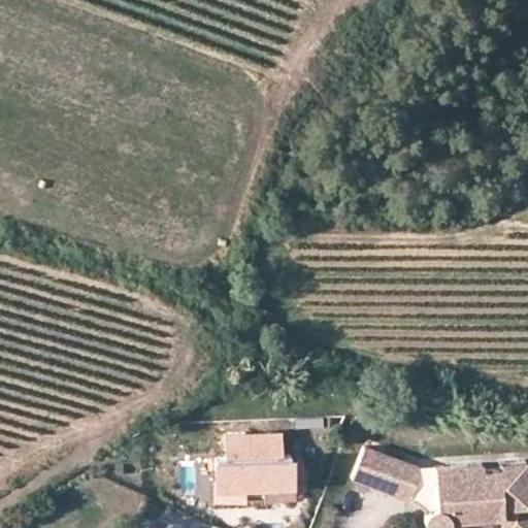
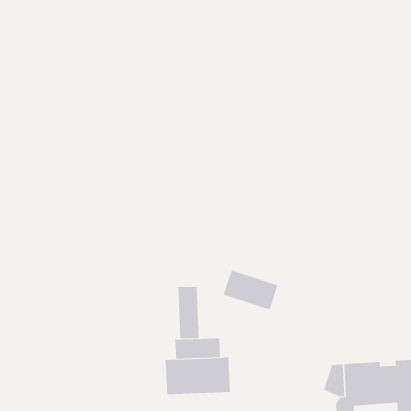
building: none -> [178,286,199,339]
building: [356,449,426,500] -> [223,270,278,310]

